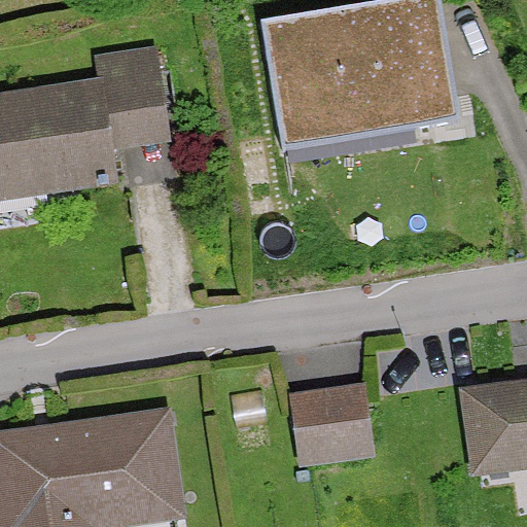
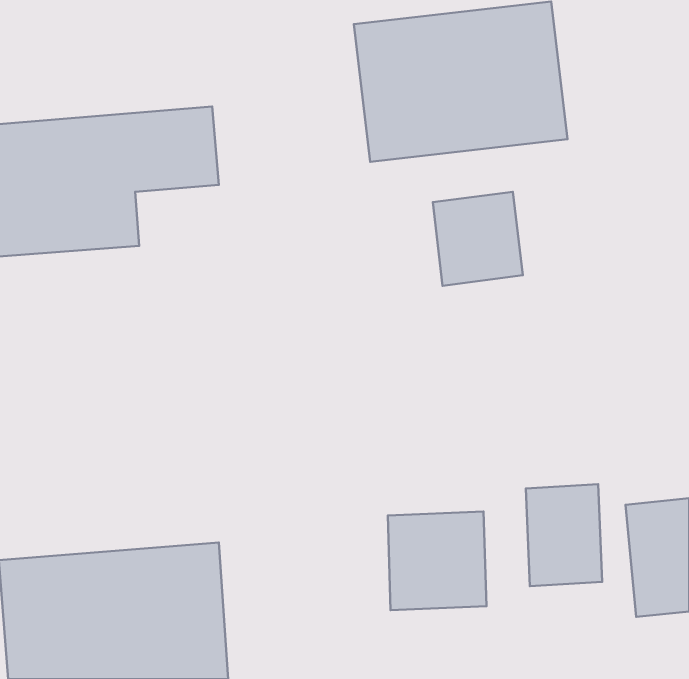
building: none -> [433,192,523,286]
building: none -> [526,484,602,586]

